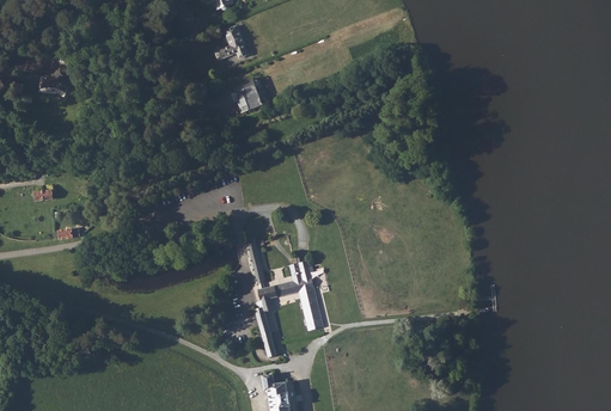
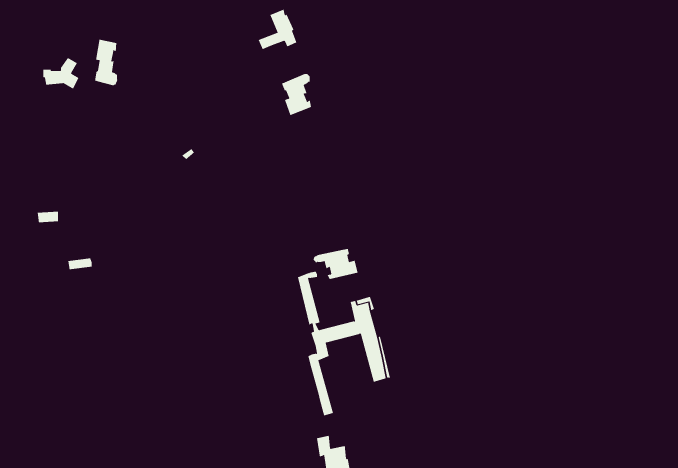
building: none -> [94,39,118,86]
building: none -> [313,248,358,280]

